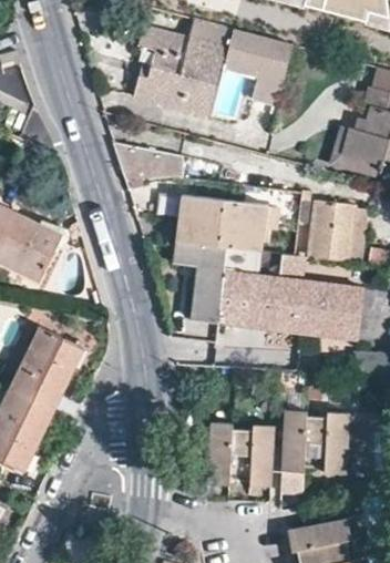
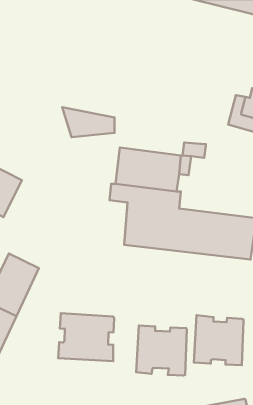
building: [132,19,289,116] -> none
building: [304,199,352,260] -> none
building: none -> [58,313,114,361]

